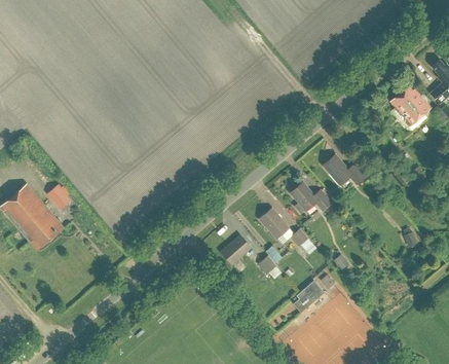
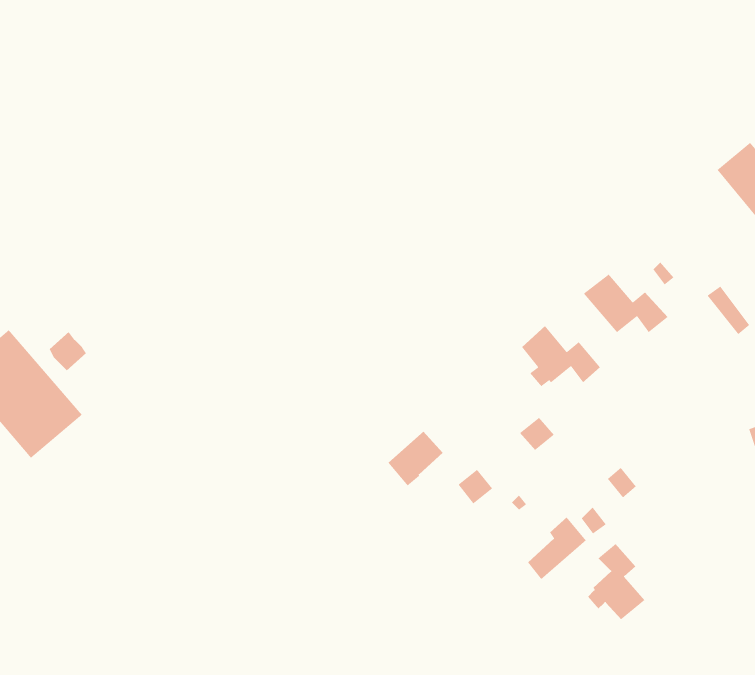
building: [260,208,289,238] -> none
building: none -> [587,543,646,620]

